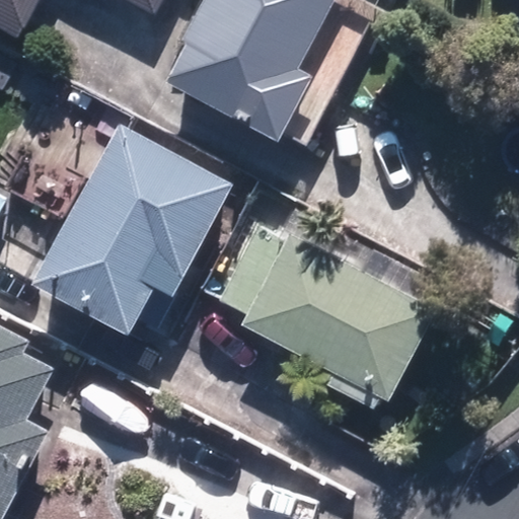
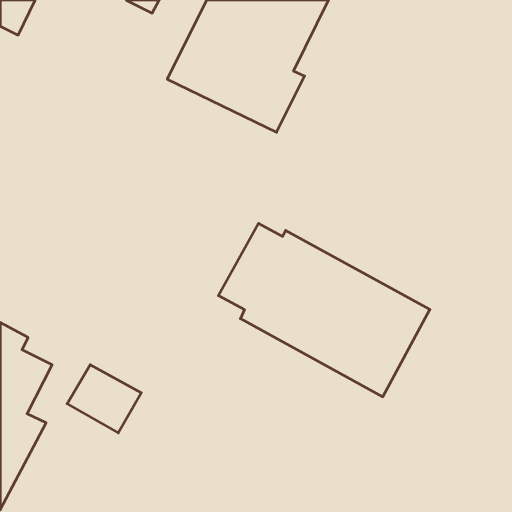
building: [33,126,228,335] -> none

